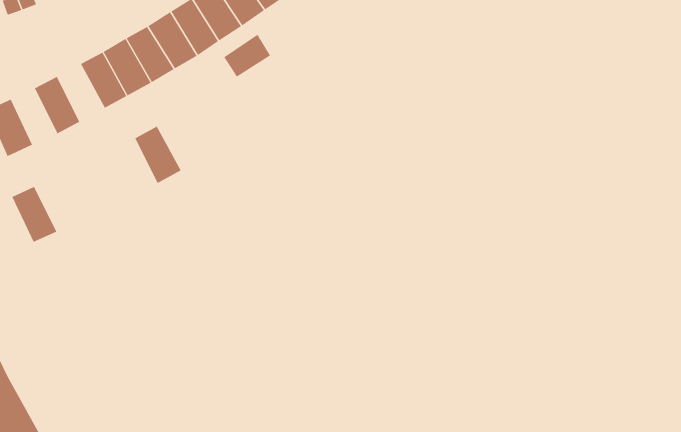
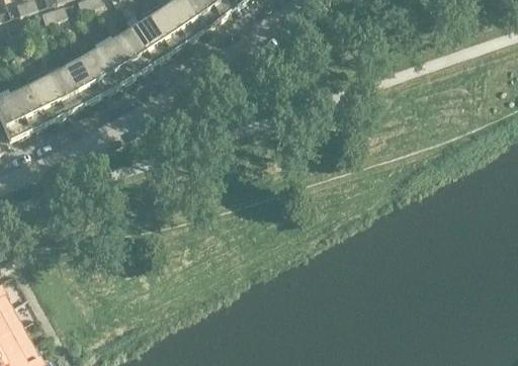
building: [223,34,271,78] -> none
building: [134,126,182,184] -> [44,70,79,113]
building: [11,186,57,243] -> [9,88,44,130]

